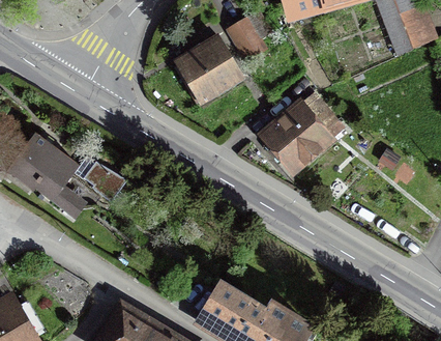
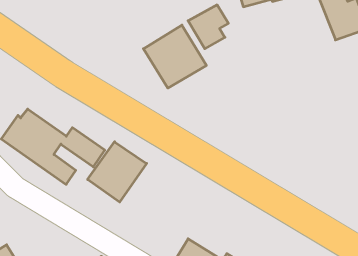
building: [260,94,342,171] -> none
building: none -> [88,142,147,202]

